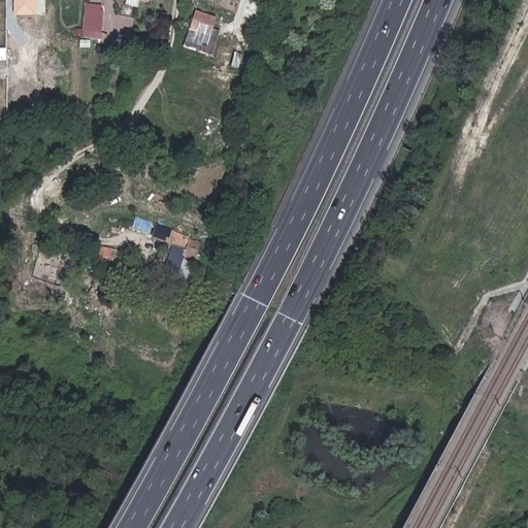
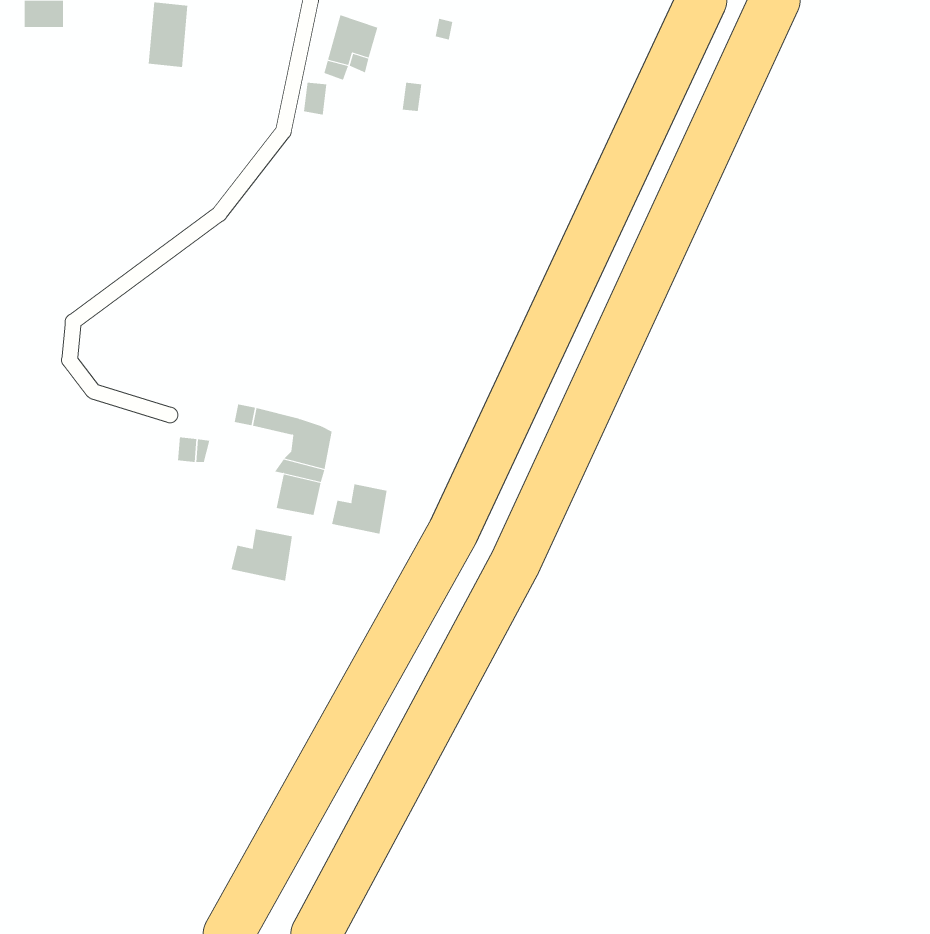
building: none -> [331,483,387,535]
building: none -> [231,528,293,581]

